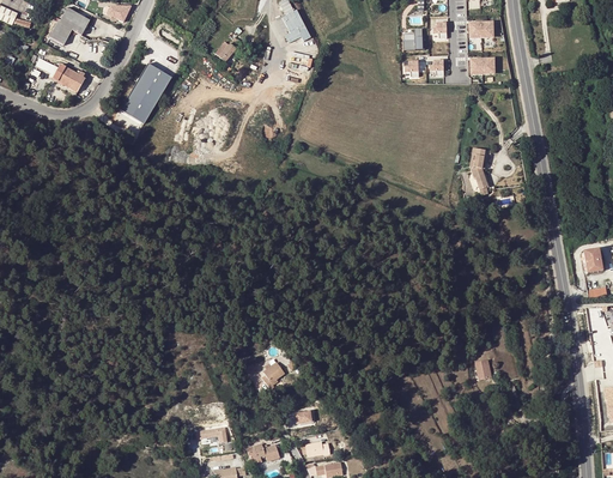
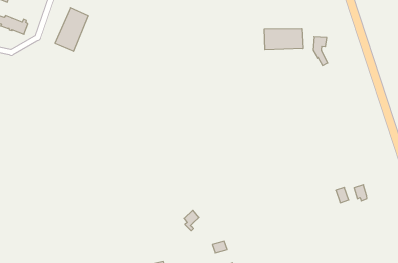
building: none -> [264,29,303,50]

